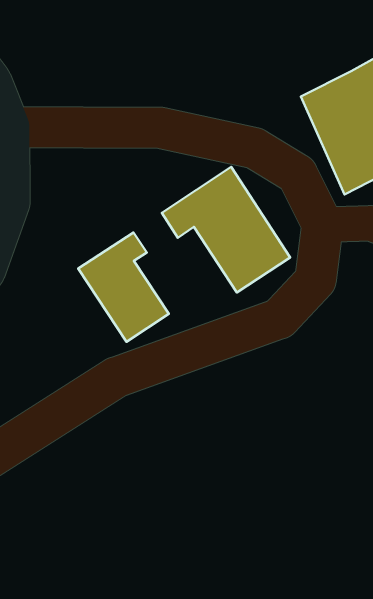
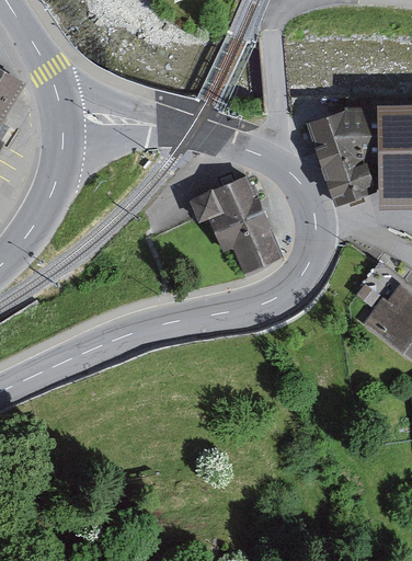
building: [78,233,169,342] -> none

